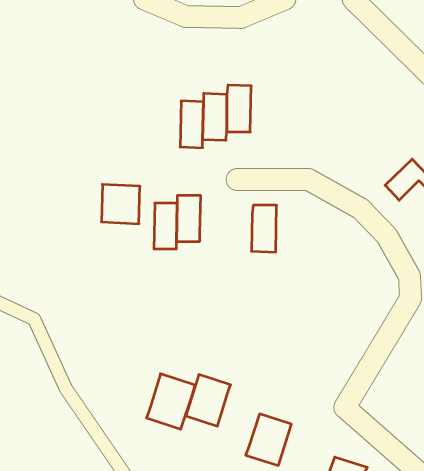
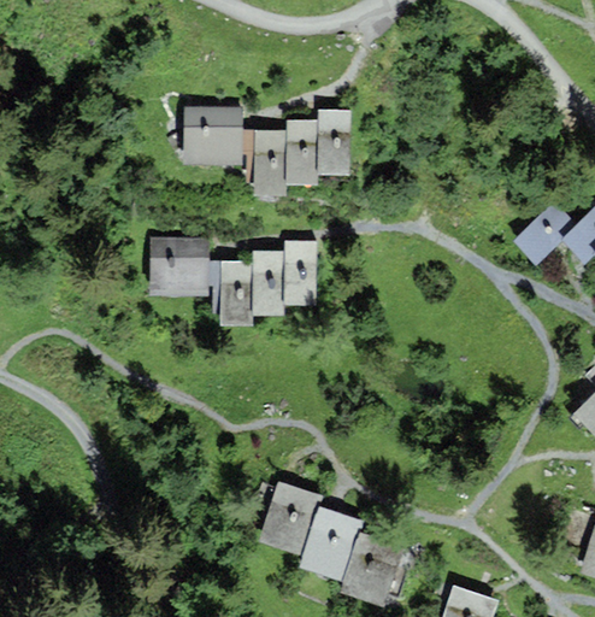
building: none -> [188,110,237,160]
building: [251,205,277,252] -> [281,242,313,302]
building: [146,374,195,429] -> [299,506,361,577]

